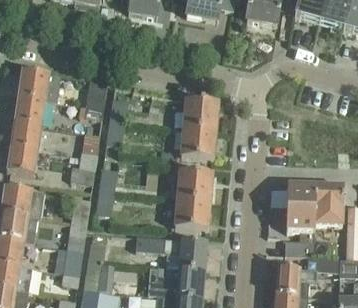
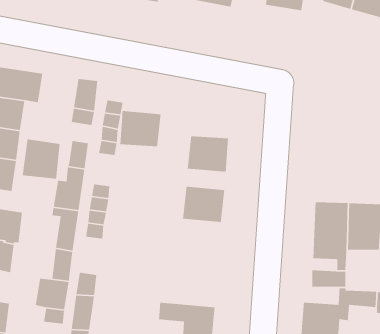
building: [183,99,218,130] -> [120,110,161,147]
building: none -> [22,139,61,180]
building: [174,198,209,230] -> none
building: [135,236,206,271] -> none

